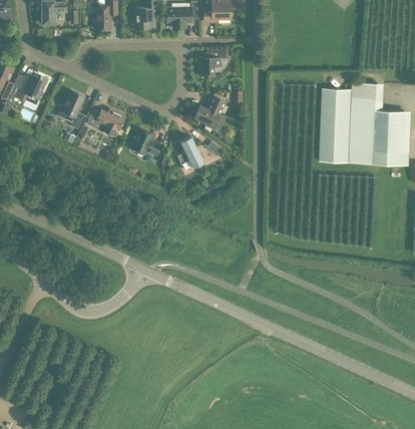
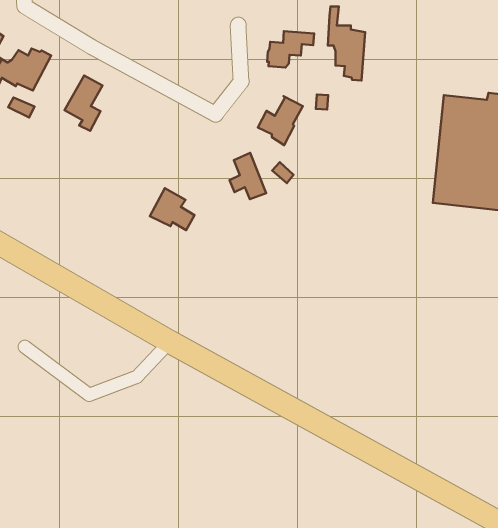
building: none -> [328,6,365,81]
building: [87,109,124,136] -> none
building: [130,128,161,156] -> [150,188,195,230]

